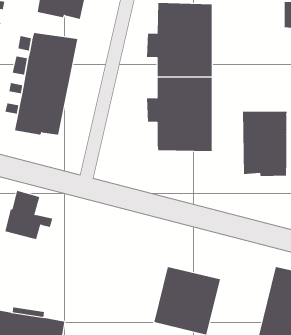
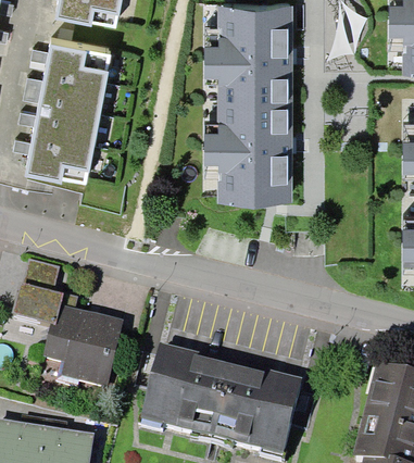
building: [242,111,287,177] -> none
building: none -> [42,304,123,386]
building: none -> [141,340,230,435]

